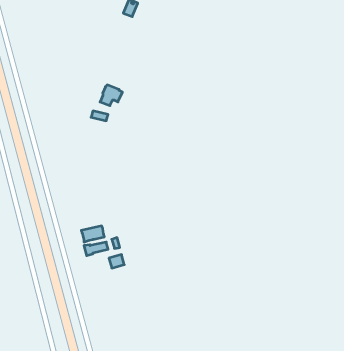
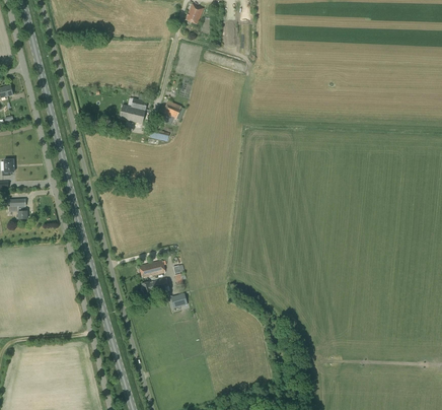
building: none -> [120,98,147,123]

